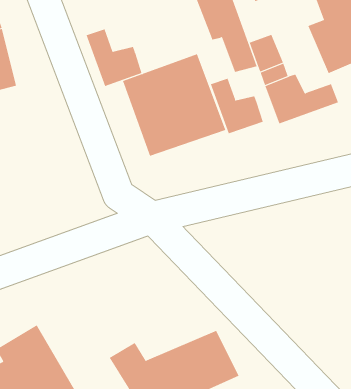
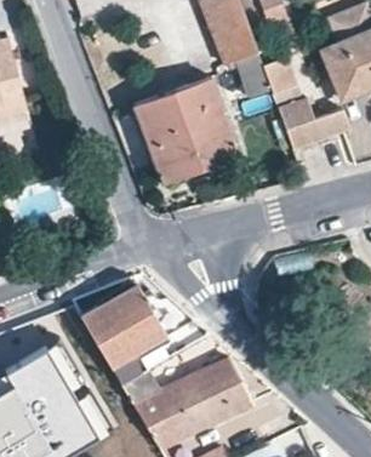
building: [86,28,142,87] -> none
building: [210,78,263,134] -> none
building: none -> [79,282,192,385]

